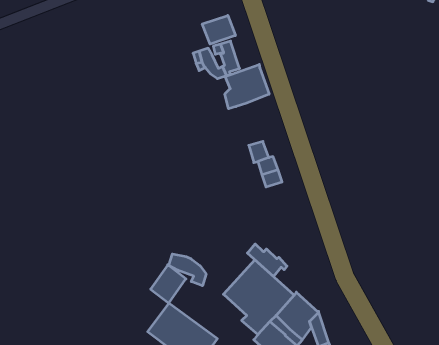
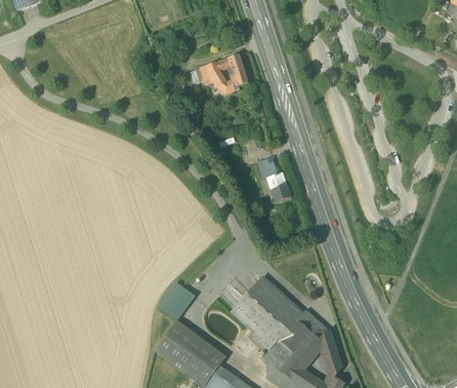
building: [202,15,235,44] -> none
building: [225,64,269,109] -> none
building: [247,244,287,276] -> none
building: [169,254,206,286] -> none

